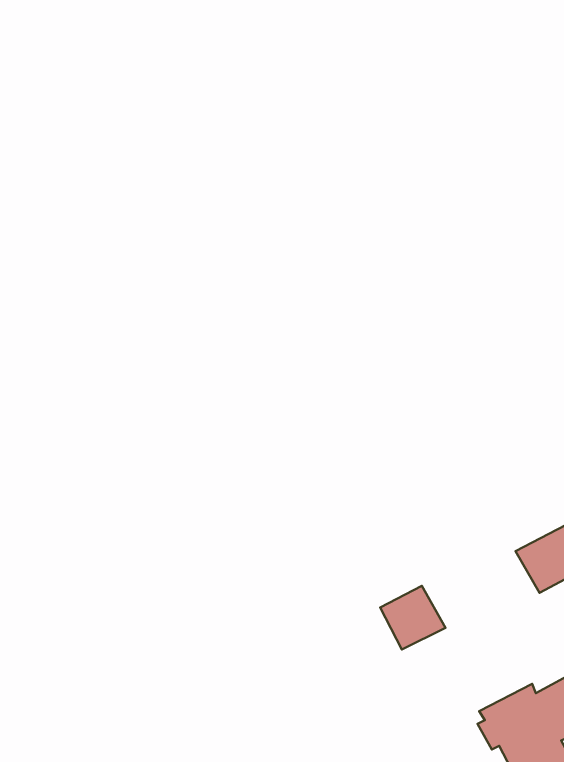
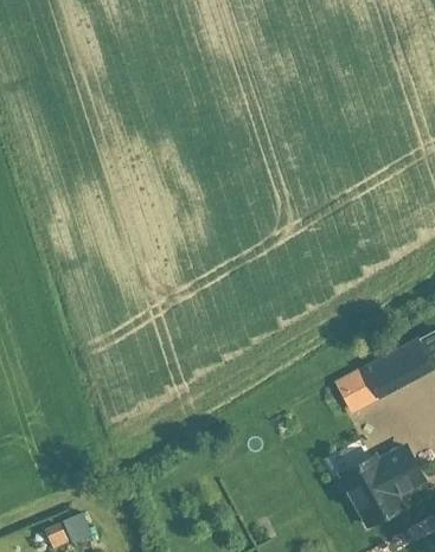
building: [380,586,446,650] -> [338,370,380,411]

